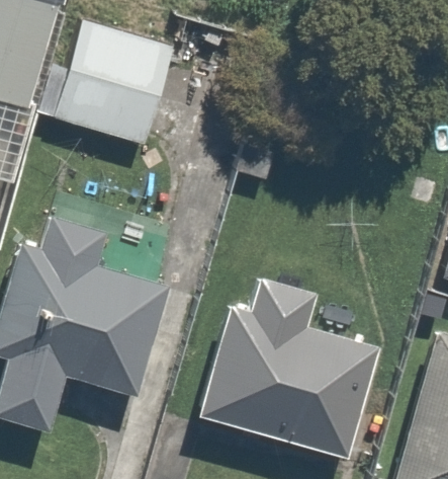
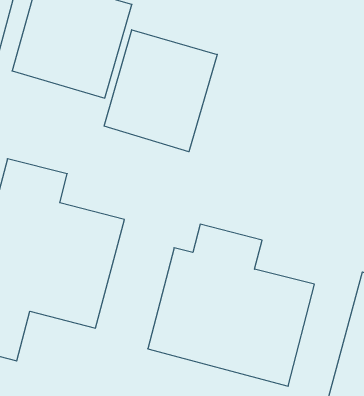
building: none -> [104,30,217,152]

